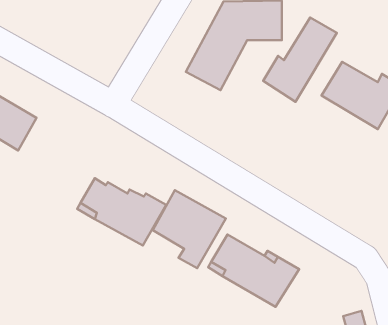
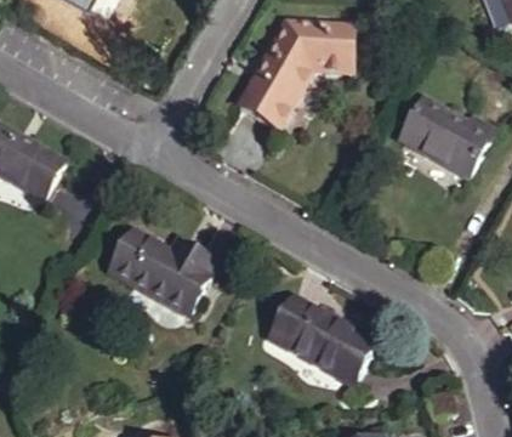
building: [263,17,337,102] -> none
building: [153,190,226,268] -> none

